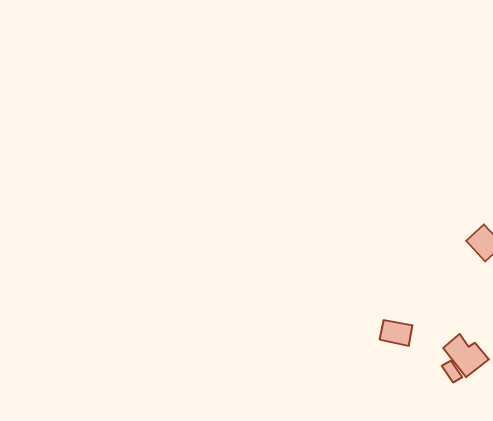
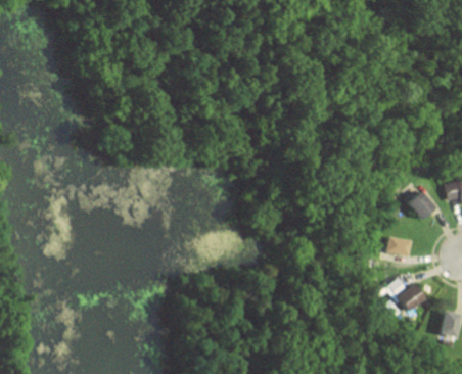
building: [380,320,413,346] -> [384,236,411,256]

